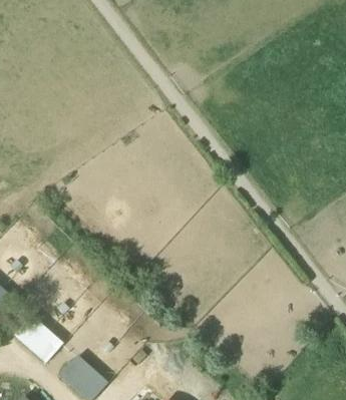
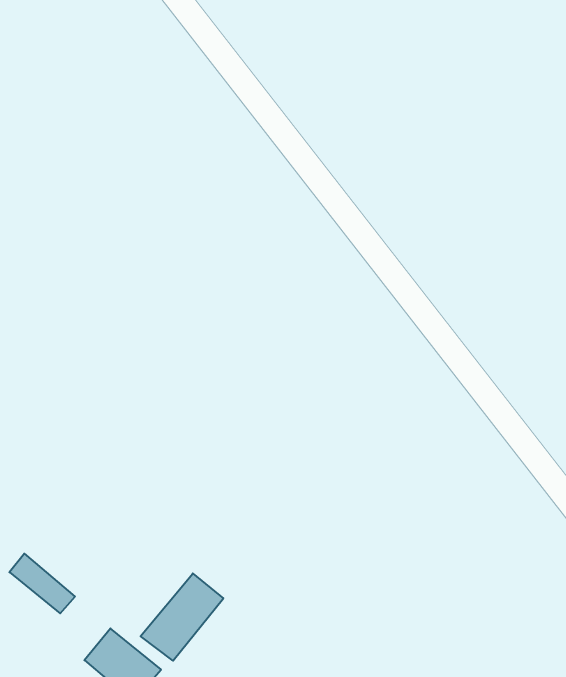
building: none -> [141,573,223,661]

